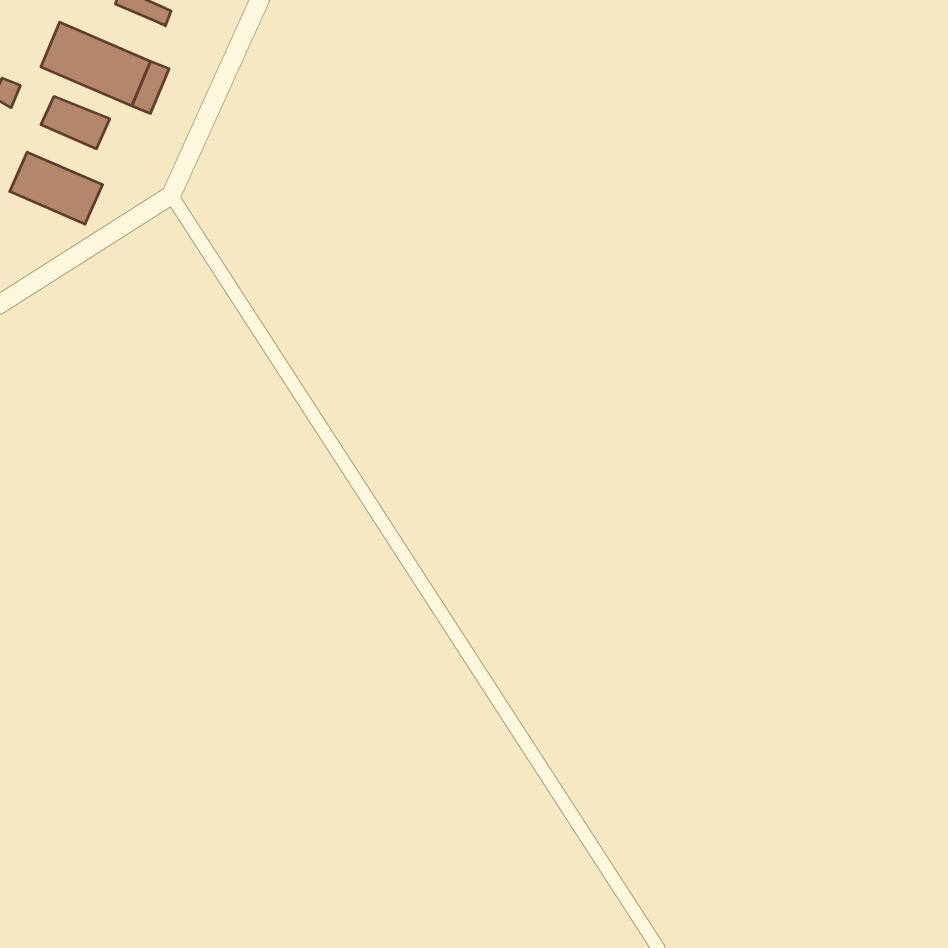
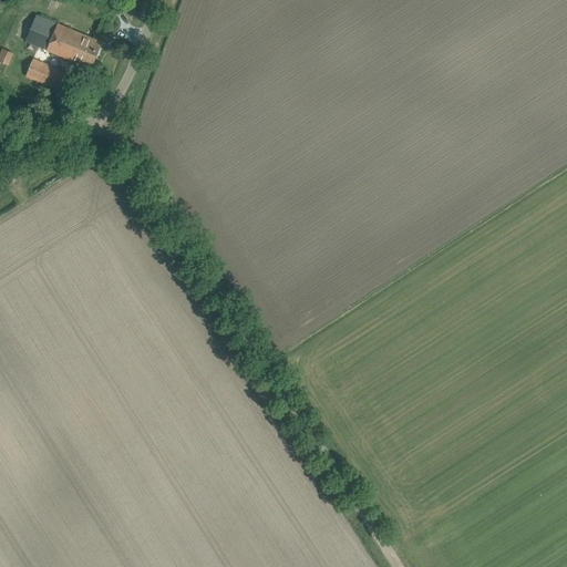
building: [10,152,103,224] -> none

